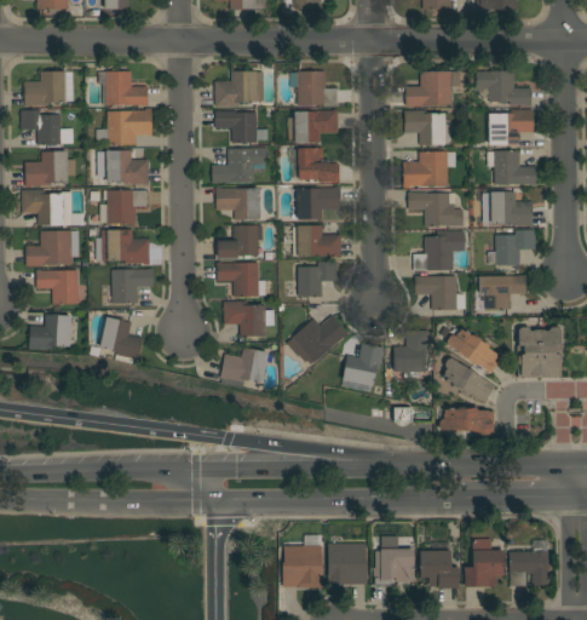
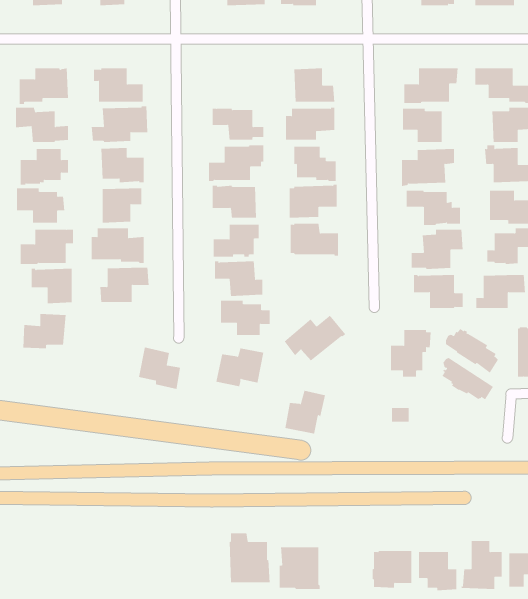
building: [214,71,264,107] -> none
building: [298,262,338,297] -> none
building: [99,317,142,360] -> [138,347,181,390]
building: [343,344,384,388] -> [284,390,326,434]
building: [438,406,494,436] -> none
building: [327,535,368,585] -> [229,533,270,583]

